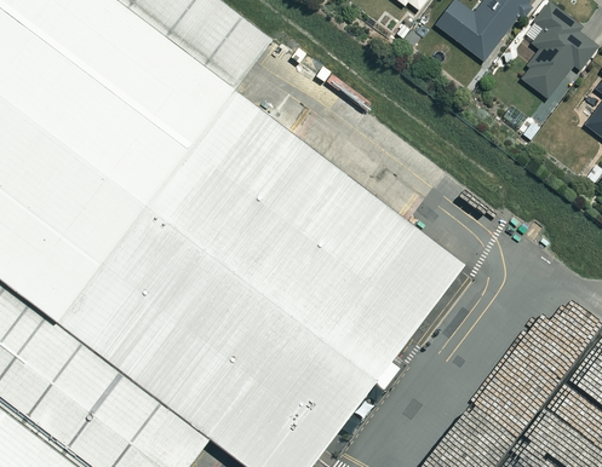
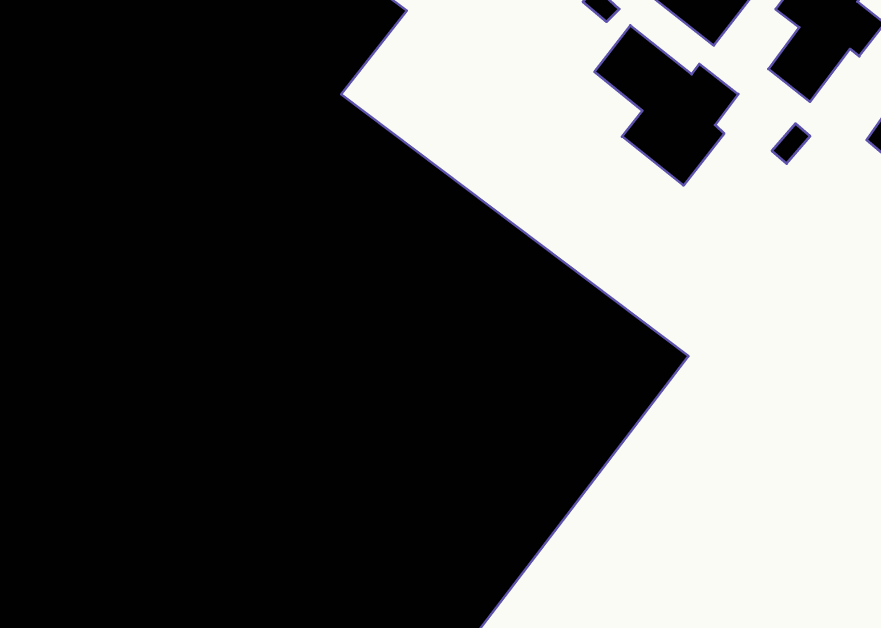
building: none -> [595,25,738,185]

